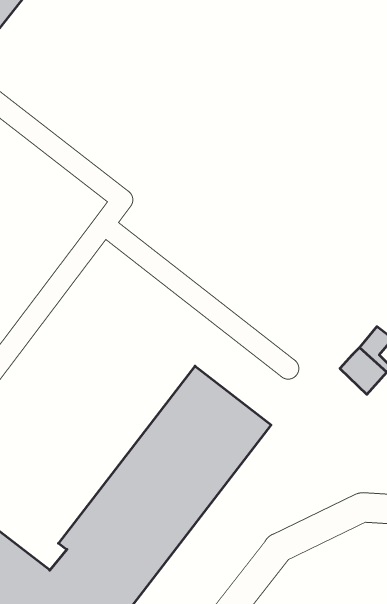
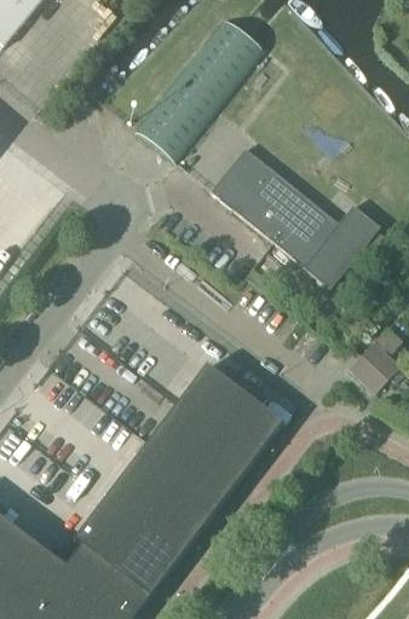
building: none -> [133,18,265,163]
building: none -> [209,147,379,288]

